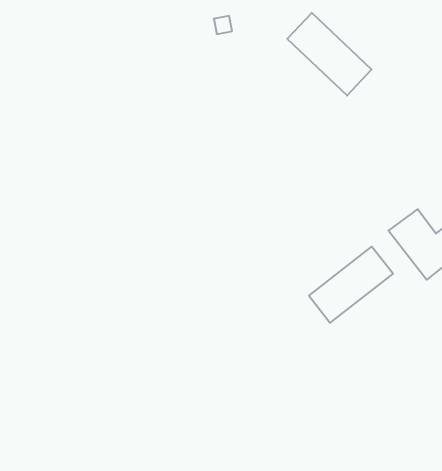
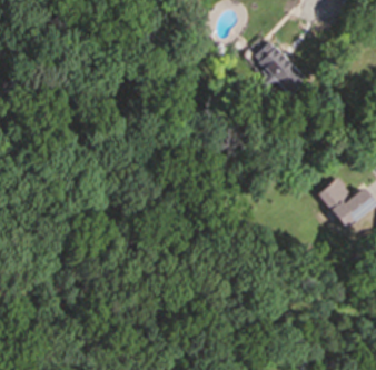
building: [309,247,393,323] -> none

